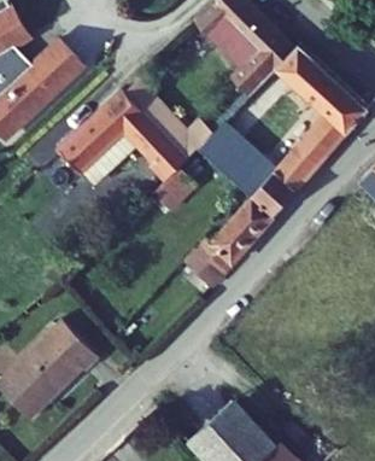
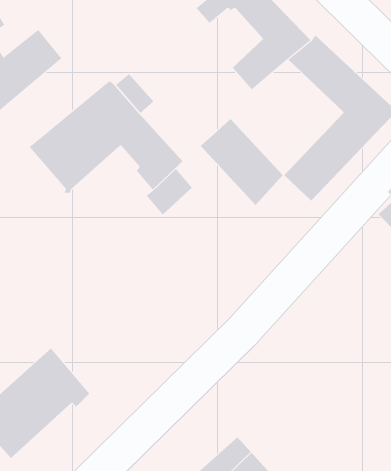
building: [147,106,210,158] -> none
building: [187,170,295,278] -> none

